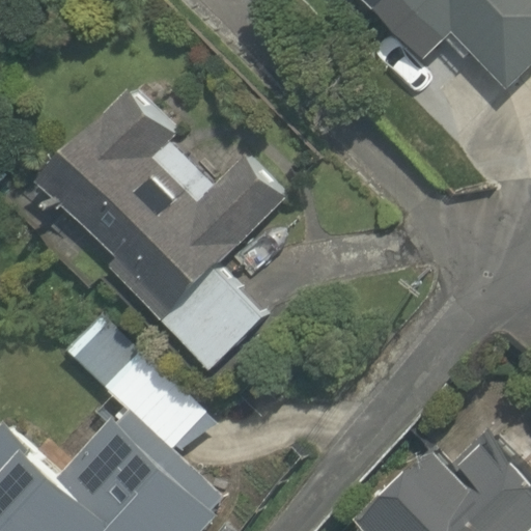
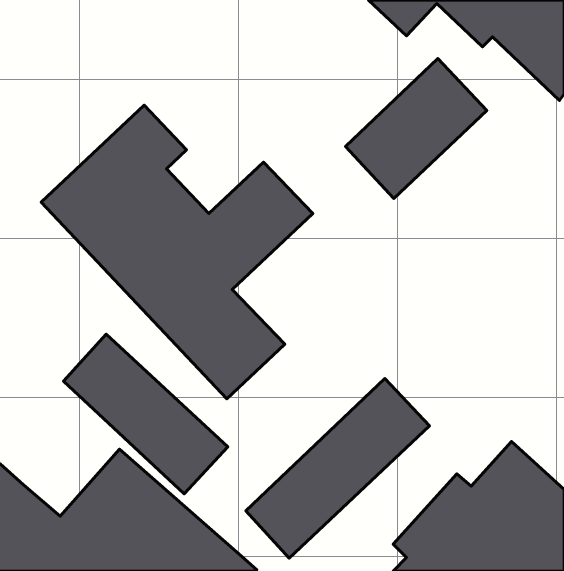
building: none -> [346,58,487,198]
building: none -> [246,378,430,558]

